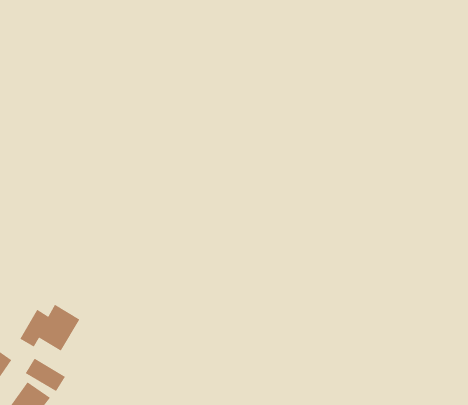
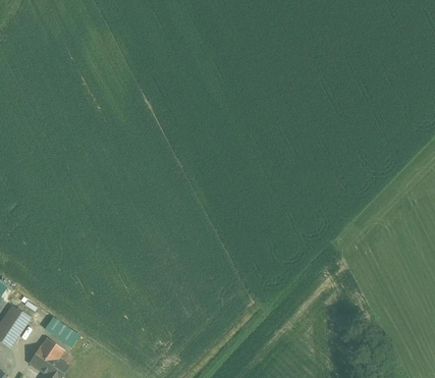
building: [20,304,80,352] -> none

